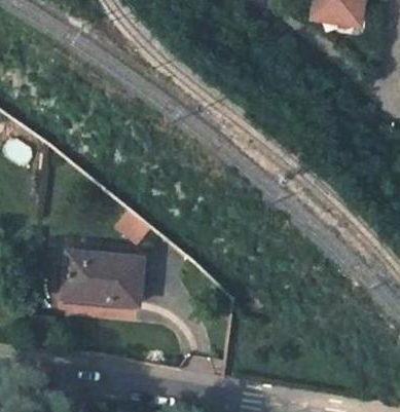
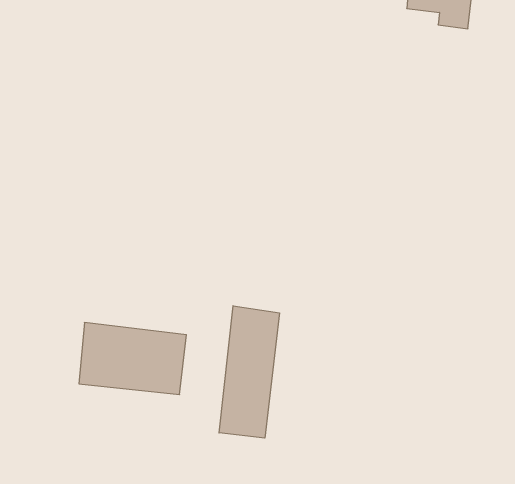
building: none -> [219,306,279,438]

